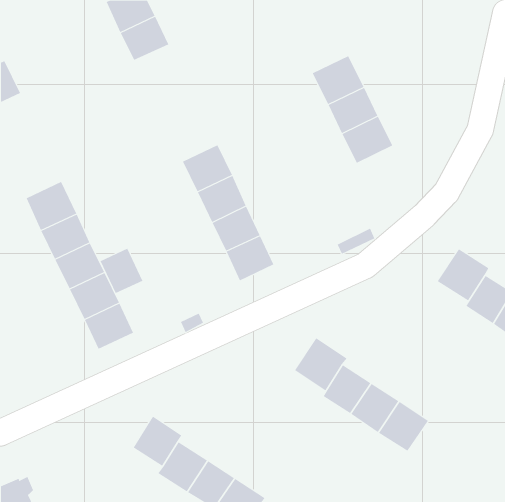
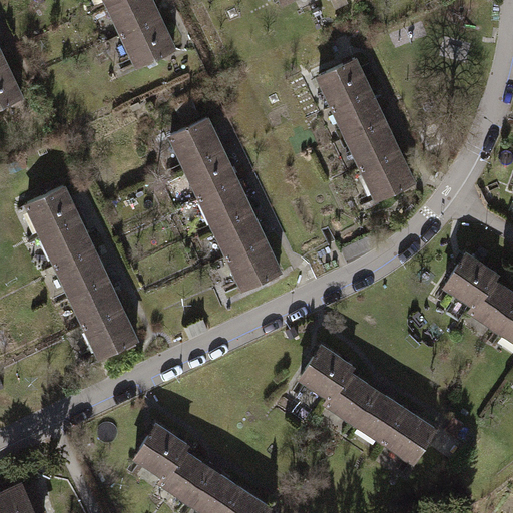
building: none -> [171,120,221,167]
building: none -> [362,151,413,199]
building: [100,248,143,294] -> none

